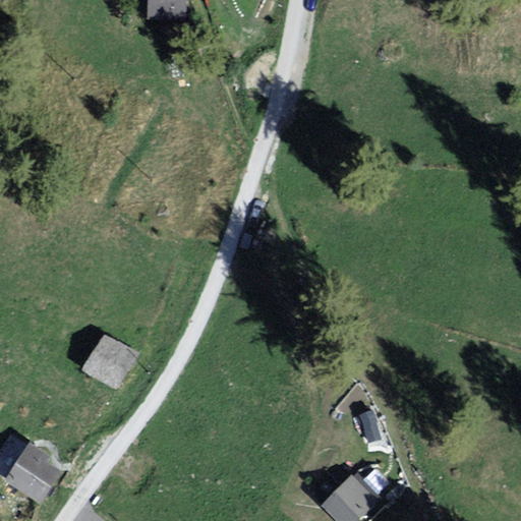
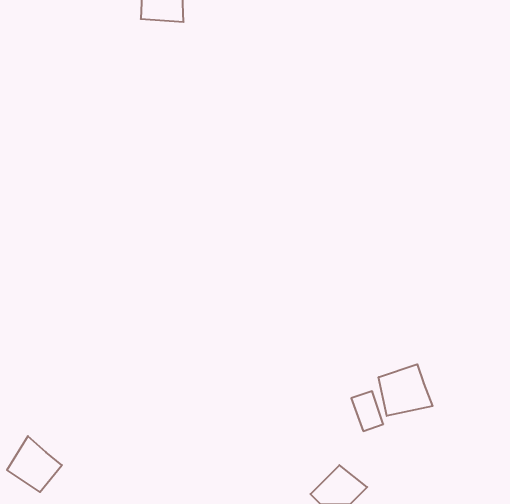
building: [80,333,140,392] -> none
building: none -> [379,364,433,416]

